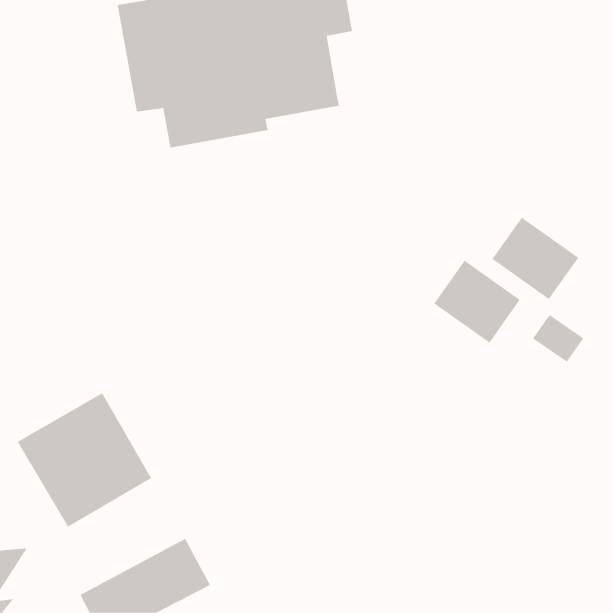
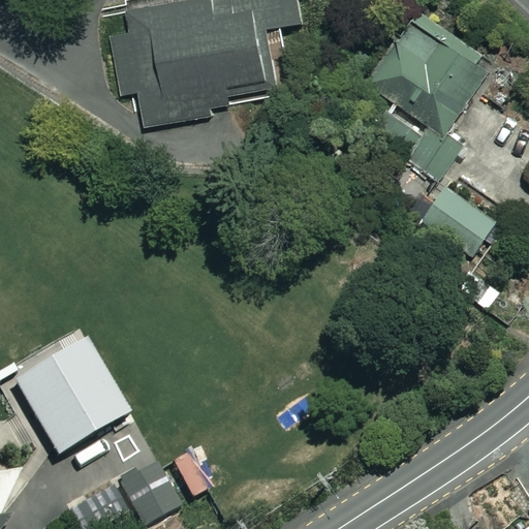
building: none -> [345,8,495,180]
building: [433,260,520,343] -> none

